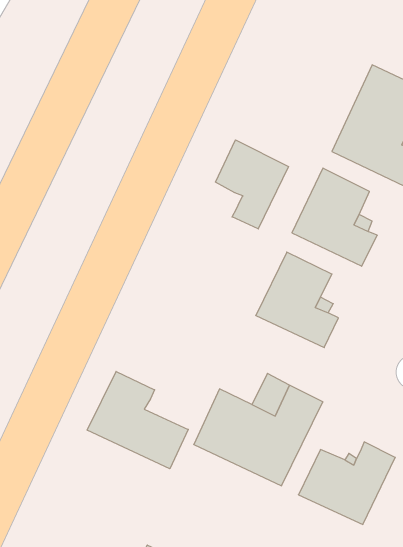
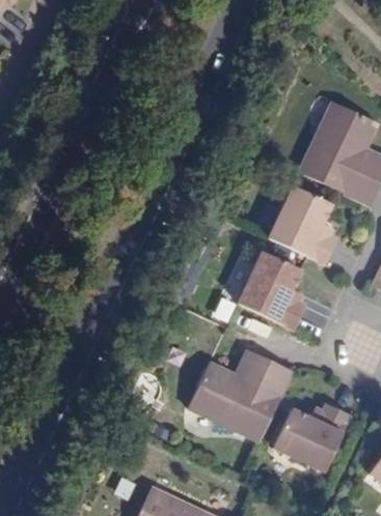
building: [215,140,288,229] -> none
building: [87,371,188,469] -> none

